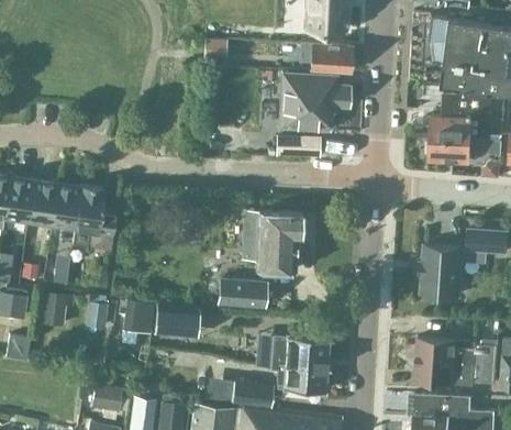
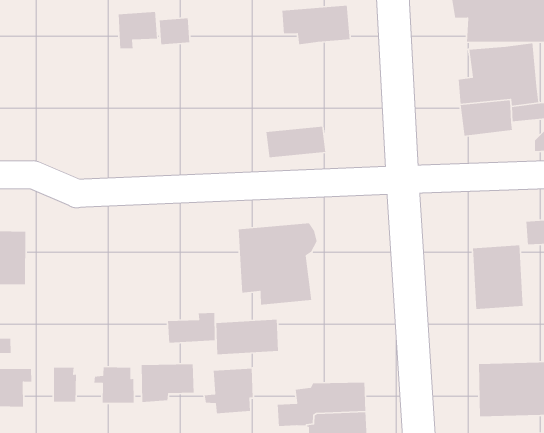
building: none -> [118,11,158,49]
building: [280,74,351,131] -> none
building: [74,188,118,253] -> none
building: none -> [167,312,216,344]
building: none -> [204,368,253,414]

